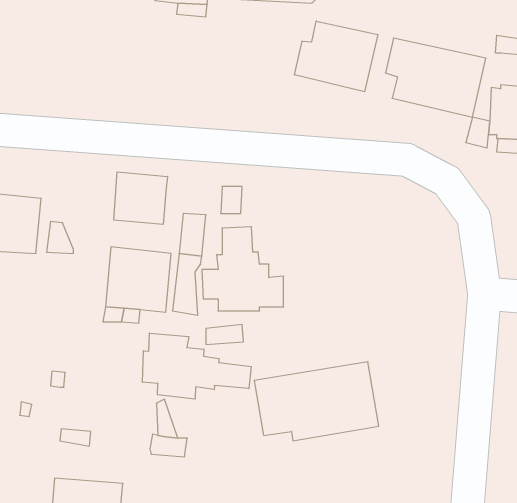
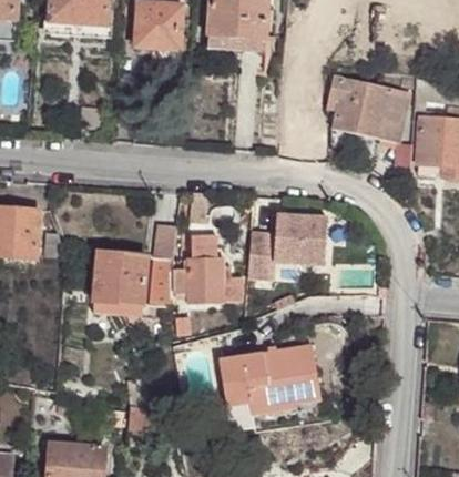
building: [295,21,378,92] -> none
building: [114,172,168,224] -> none
building: none -> [245,216,326,282]
building: [142,333,251,399] -> none

